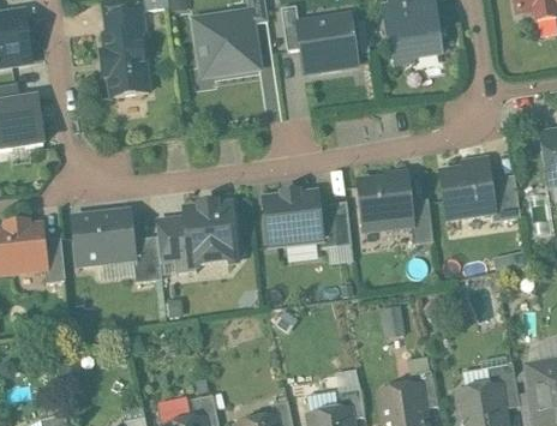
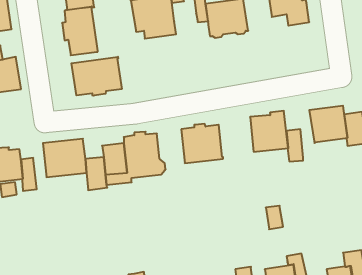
building: none -> [71,57,122,96]
building: [317,202,349,247] -> none

